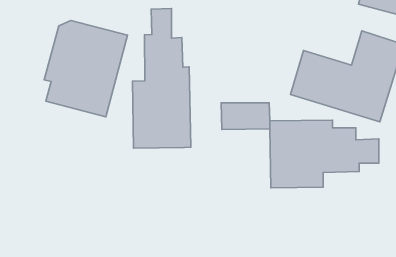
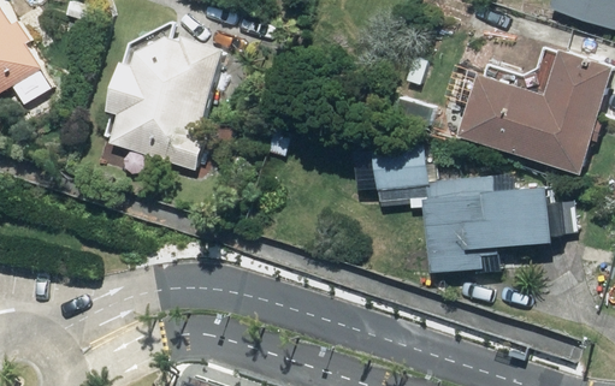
building: [132,8,191,148] -> none

